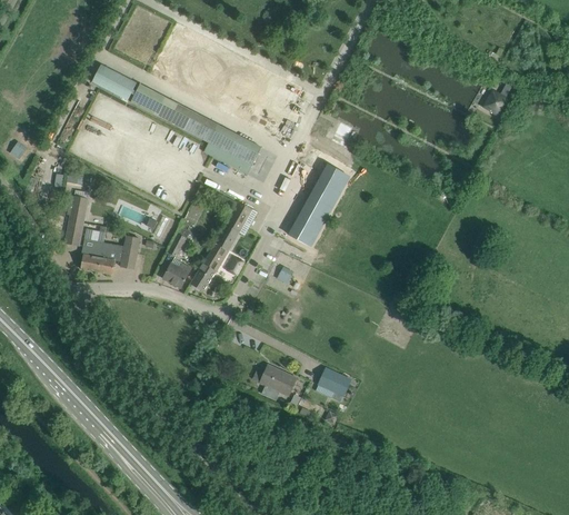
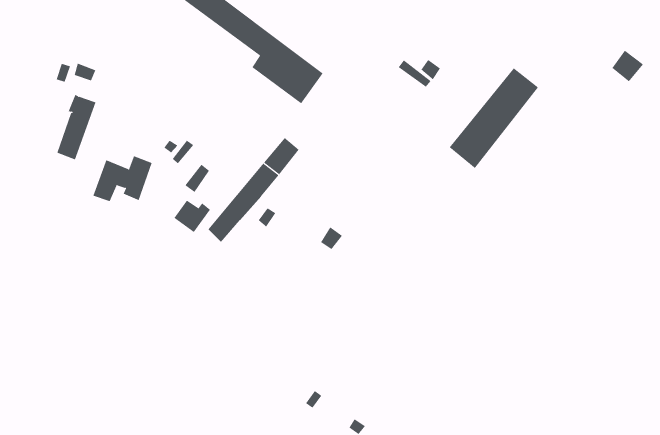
building: [287,164,349,247] -> [449,67,539,169]
building: [80,238,102,271] -> none
building: [259,364,296,400] -> none
building: [317,367,350,395] -> none

